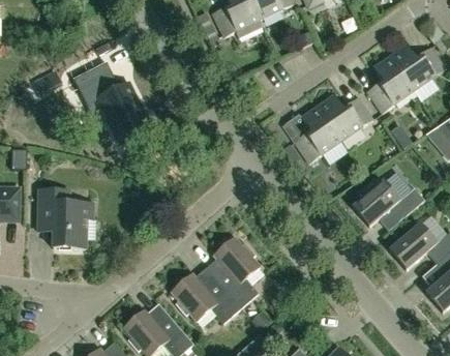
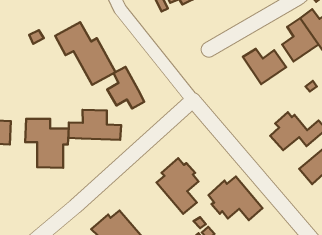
building: [294,106,340,162] -> none
building: none -> [107,67,144,109]
building: none -> [68,110,121,140]
building: [171,267,240,323] -> [208,177,262,220]

